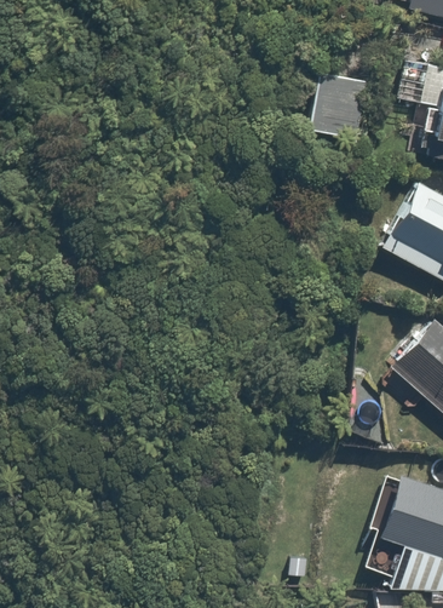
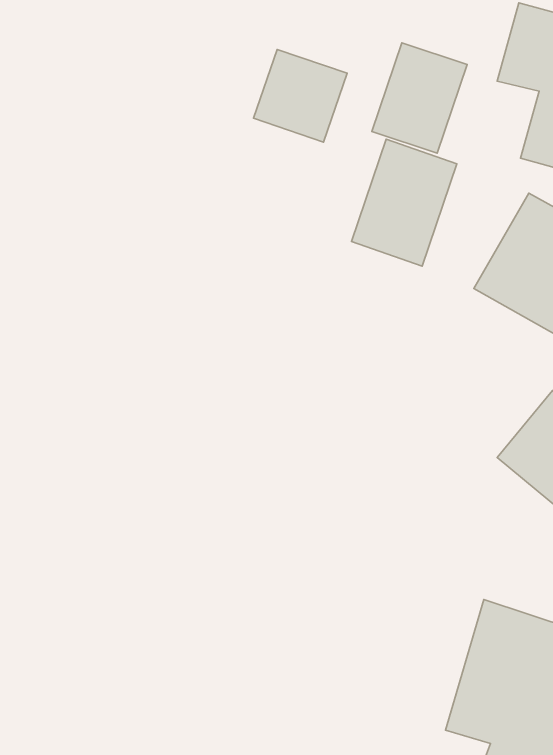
building: none -> [253,49,347,142]
building: none -> [351,139,457,266]

